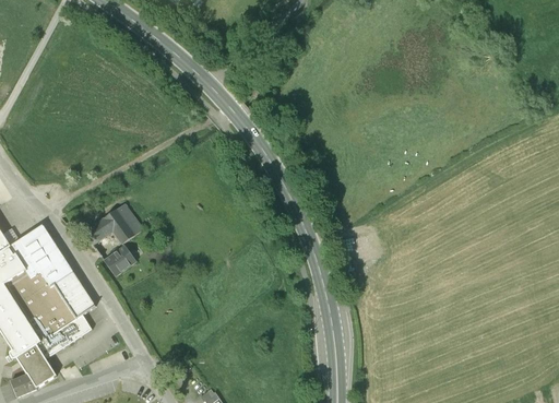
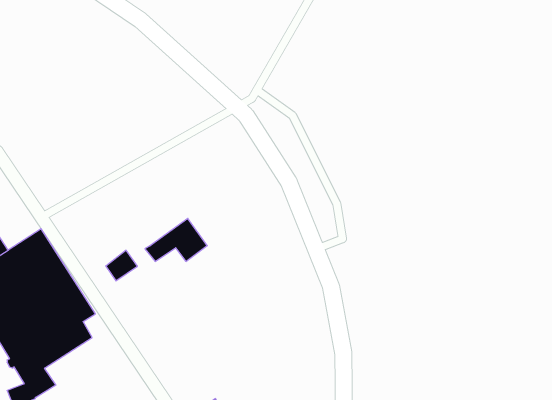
building: [82,202,142,244] -> [145,218,207,261]

